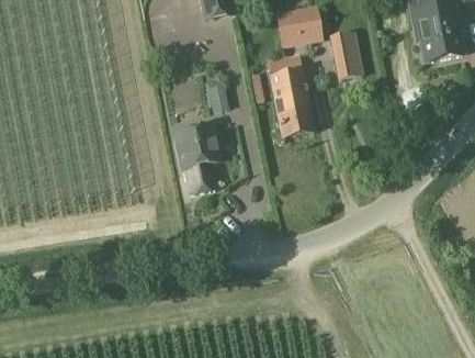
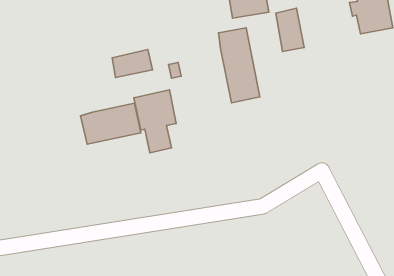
building: none -> [112,50,153,78]
building: none -> [81,103,141,144]

